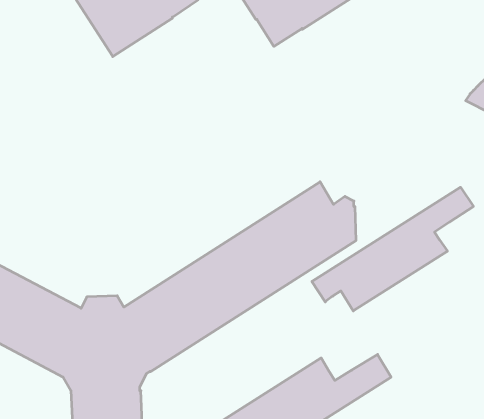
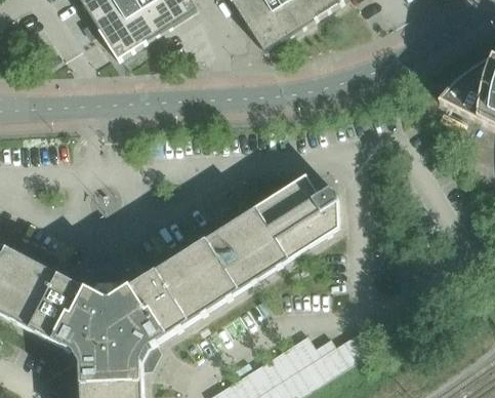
building: [312,187,473,311] -> none

